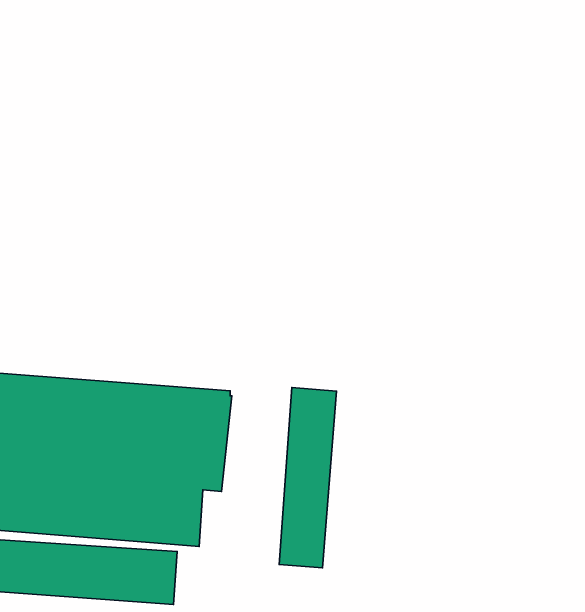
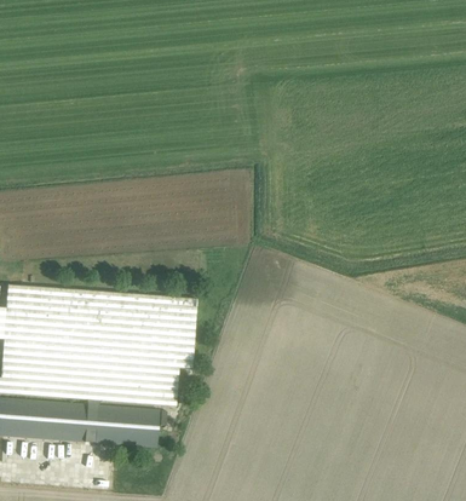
building: [279,387,337,568] -> none

